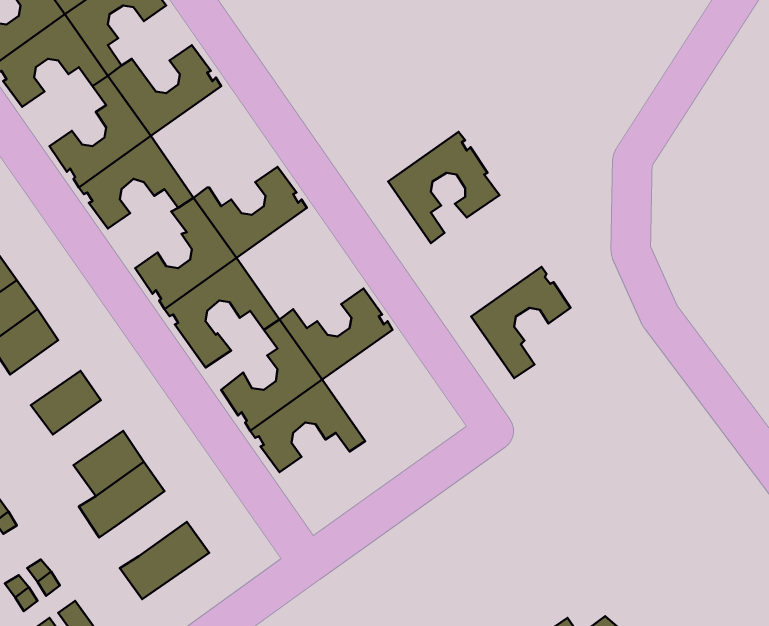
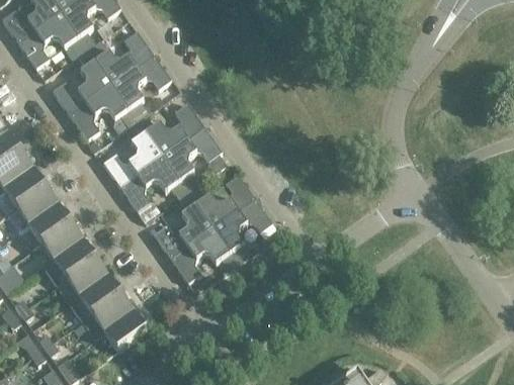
building: none -> [111,54,170,119]
building: [388,132,500,243] -> [162,125,228,191]
building: [471,267,571,378] -> [212,197,271,263]
building: none -> [28,203,70,242]
building: none -> [44,238,95,284]
building: none -> [91,292,133,330]

